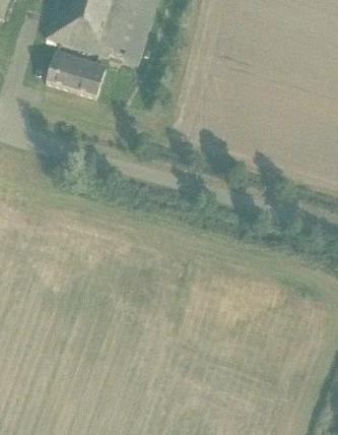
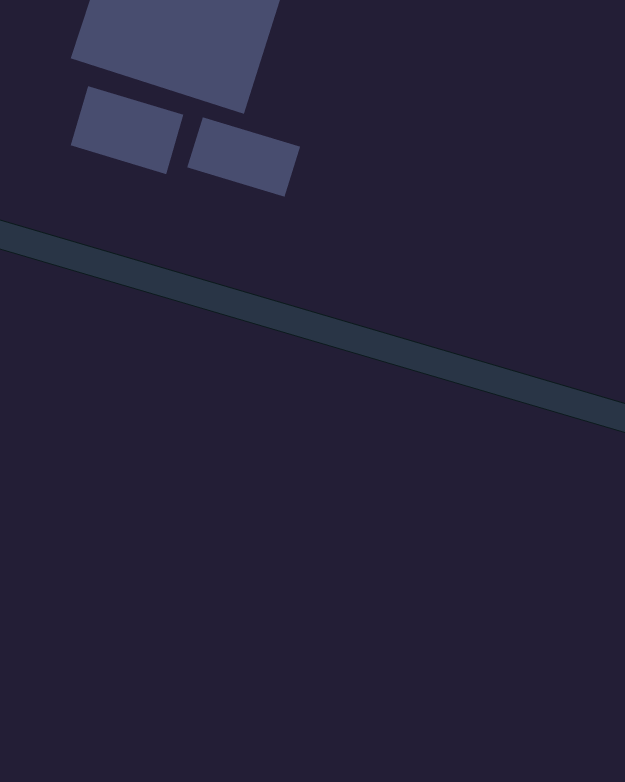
building: none -> [186,117,301,197]

